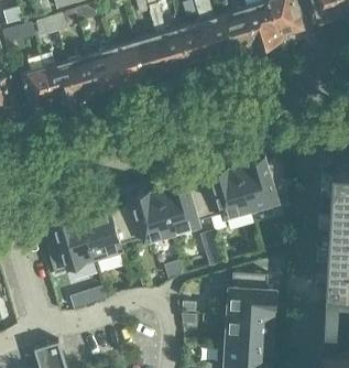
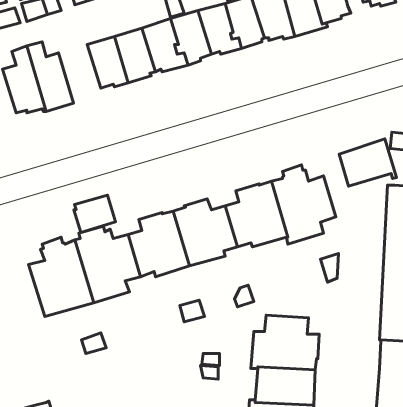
building: [65,54,99,101] -> none
building: none -> [339,139,396,186]
building: none -> [74,195,116,233]

